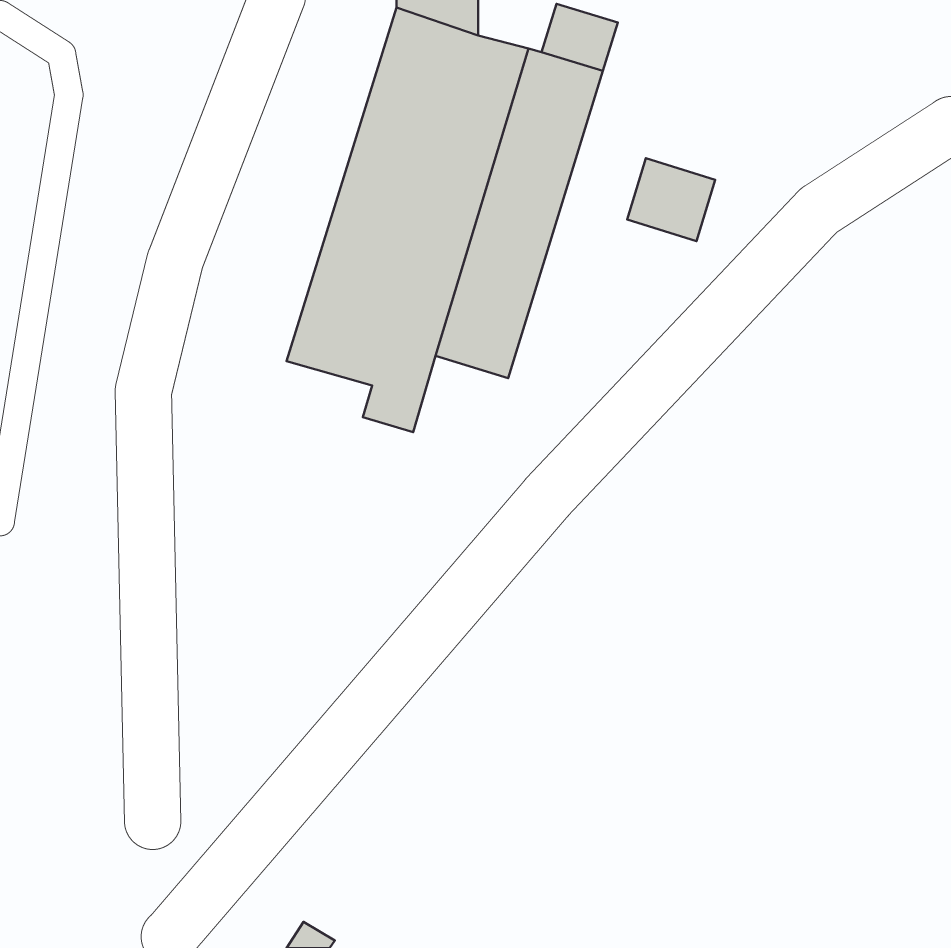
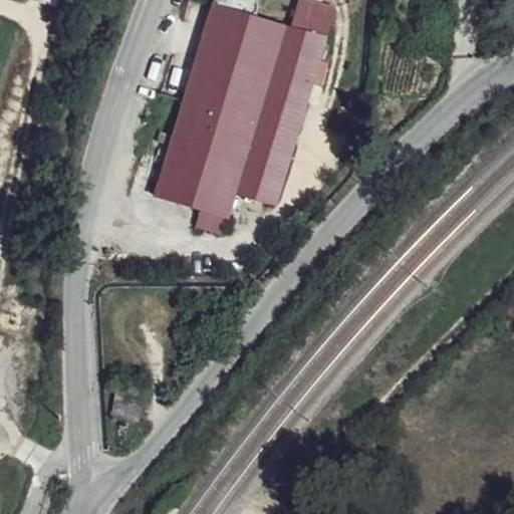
building: [627,158,715,241] -> none

